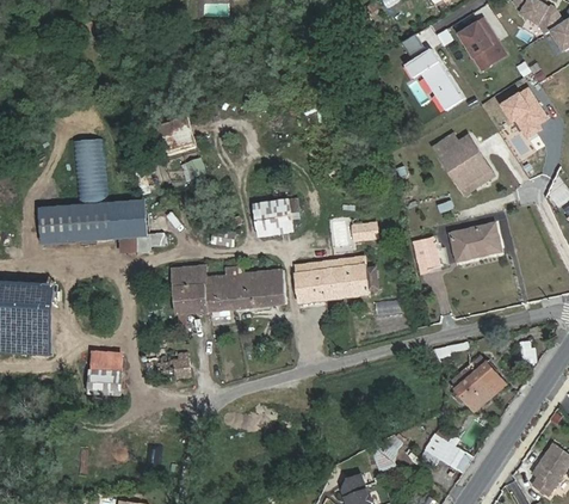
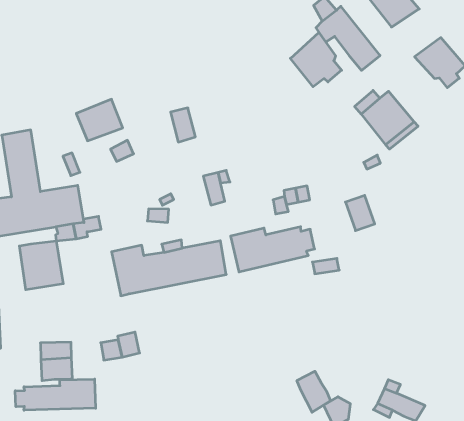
building: none -> [290,33,342,87]
building: [255,203,278,236] -> [171,108,195,142]
building: [451,223,501,262] -> none
building: none -> [19,241,63,290]
building: [452,356,506,411] -> none
building: none -> [15,379,96,410]
building: none -> [297,371,331,412]

